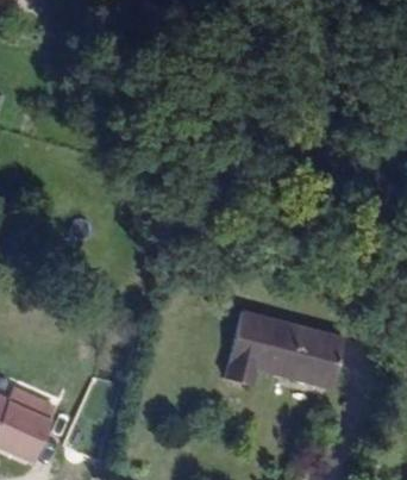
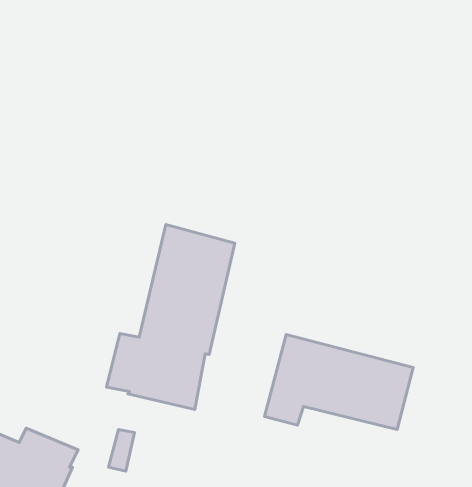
building: none -> [107,225,235,409]

